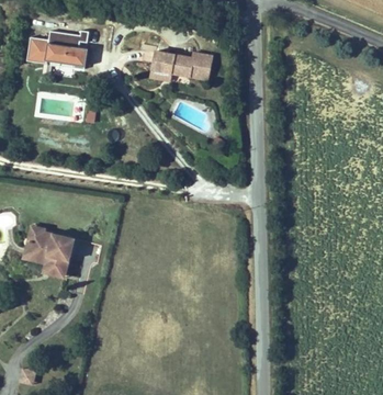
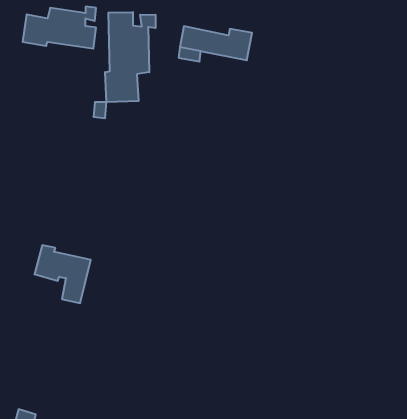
building: none -> [105,12,156,102]
building: [29,229,71,282] -> none

